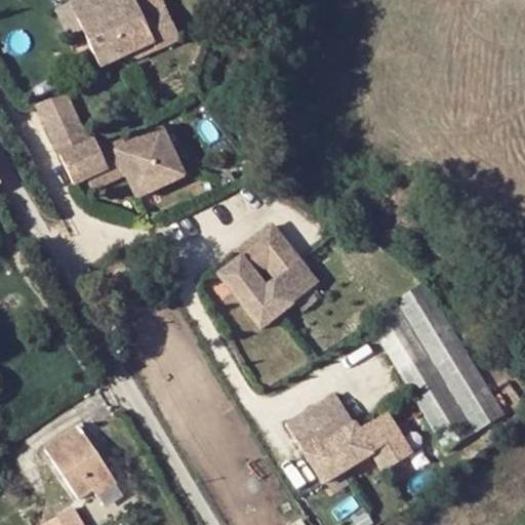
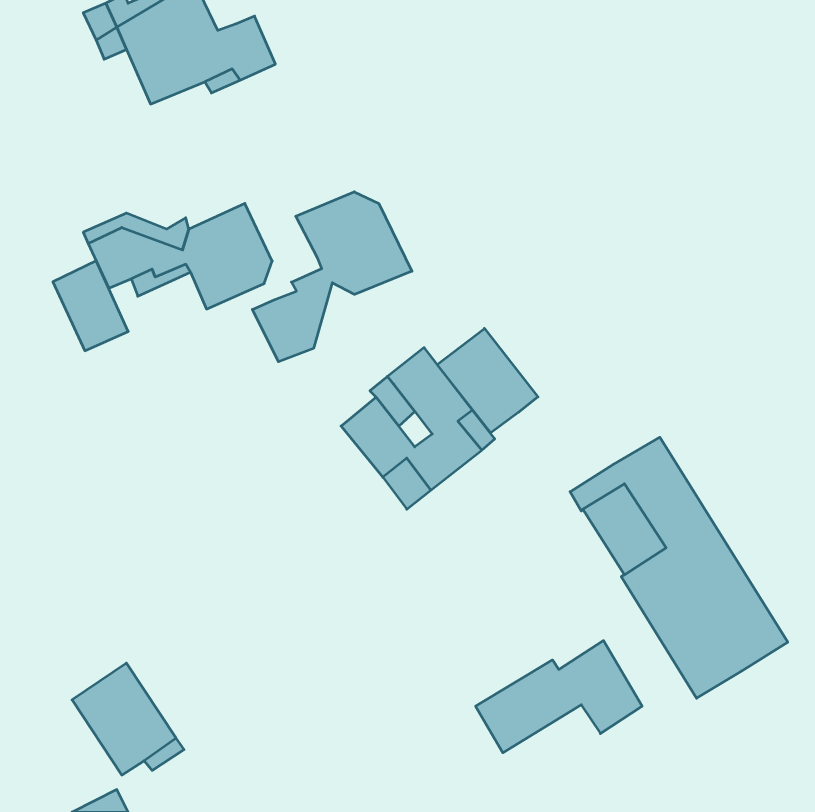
building: [35,91,83,149] -> [53,261,128,351]
building: none -> [252,192,412,362]
building: none -> [437,328,538,433]
building: [286,391,356,452] -> none

